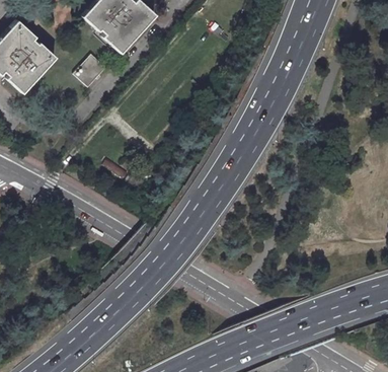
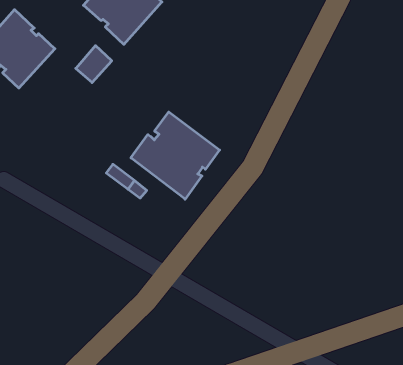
building: none -> [131,112,220,199]

